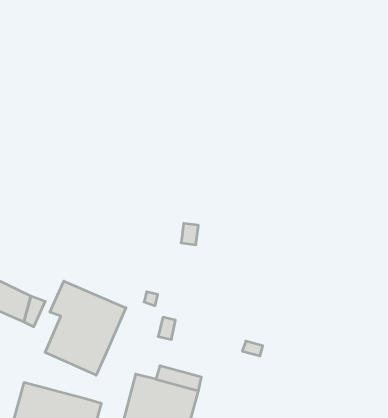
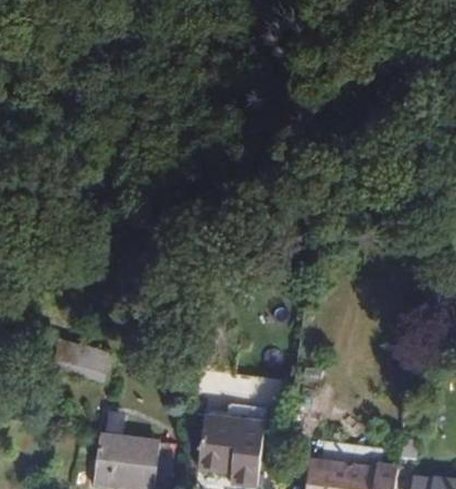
building: [45,281,126,375] -> none

